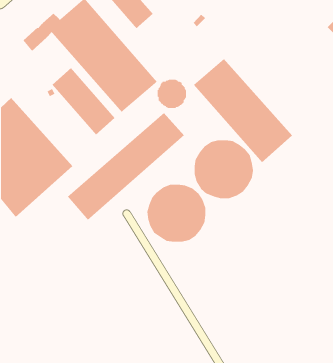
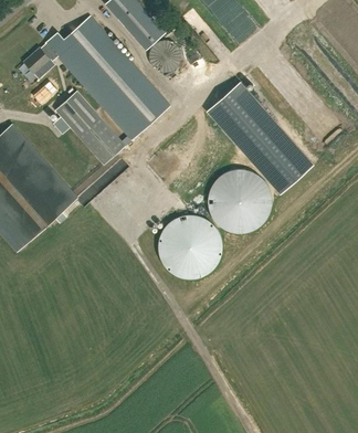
building: [157,79,187,109] -> [148,40,180,72]
building: [67,112,185,221] -> none

